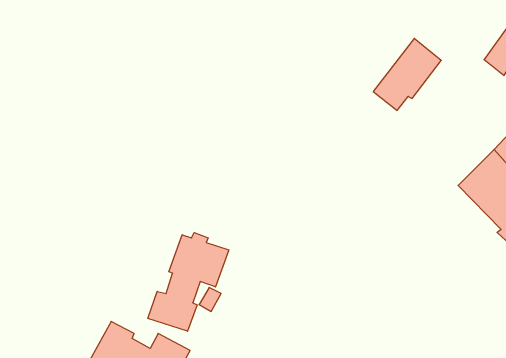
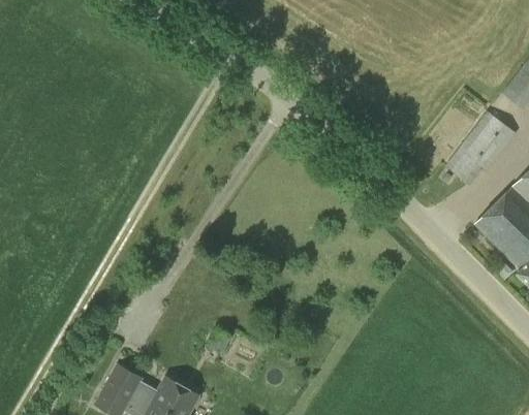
building: [373,38,441,110] -> [445,111,516,186]
building: [148,233,229,331] -> none

